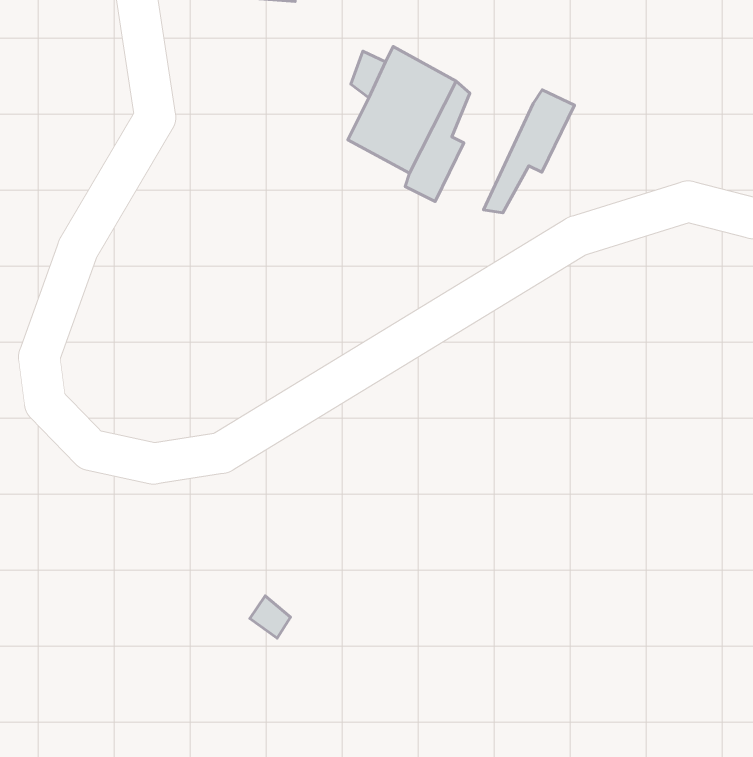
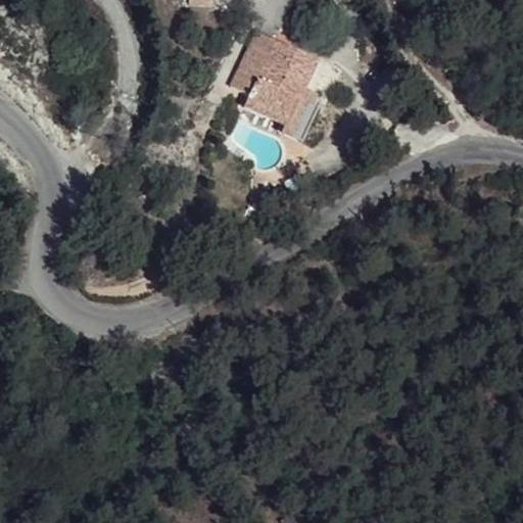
building: [484,90,575,213] -> none

